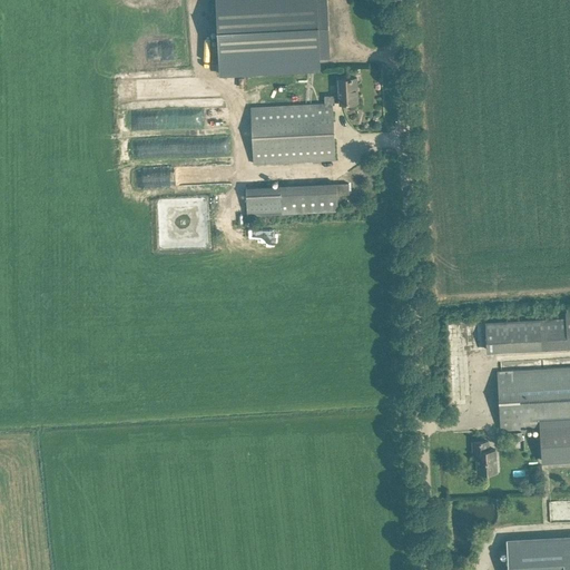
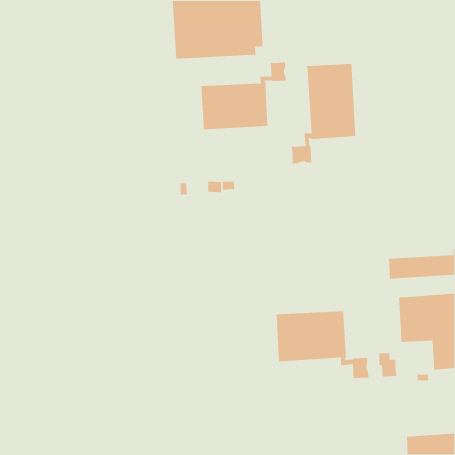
building: none -> [291,63,356,164]
building: [246,183,337,215] -> none
building: none -> [276,310,369,379]

